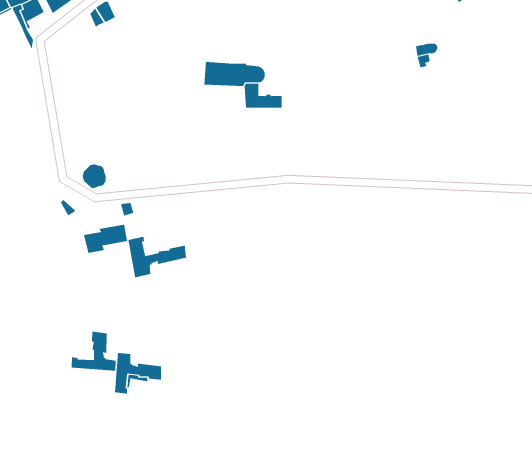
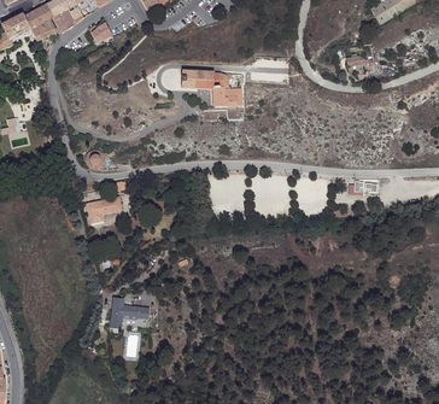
building: [128,236,186,278] -> none
building: [71,331,116,372] -> none

